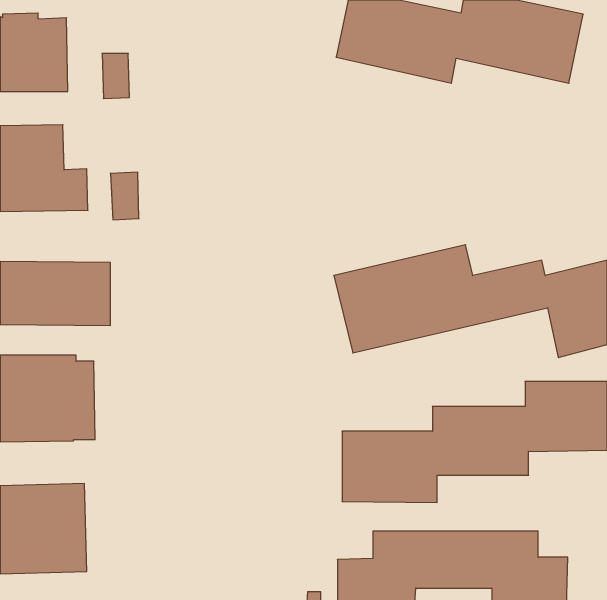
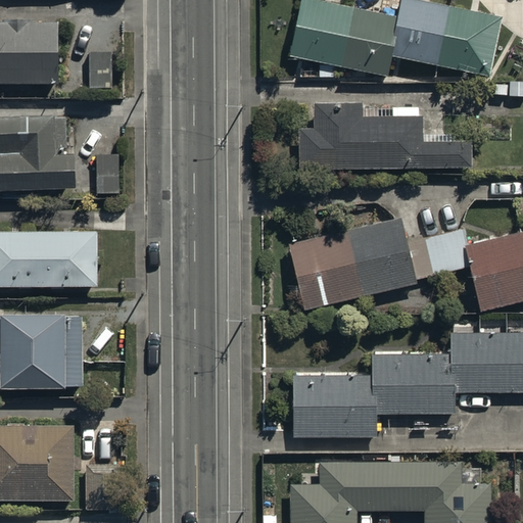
building: none -> [298,102,471,170]

